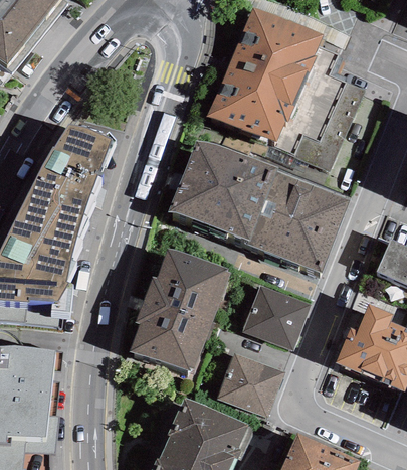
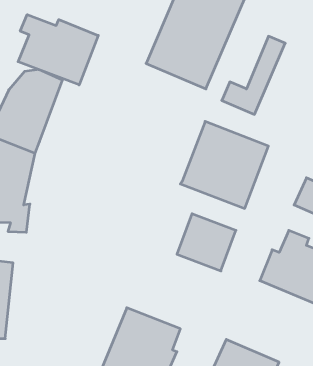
building: none -> [18,15,98,85]
building: [168,143,277,248] -> none
building: [131,255,231,379] -> none
building: [218,353,285,418] -> none

